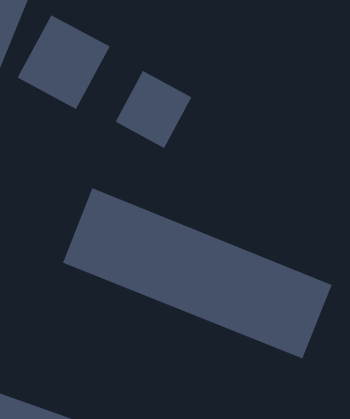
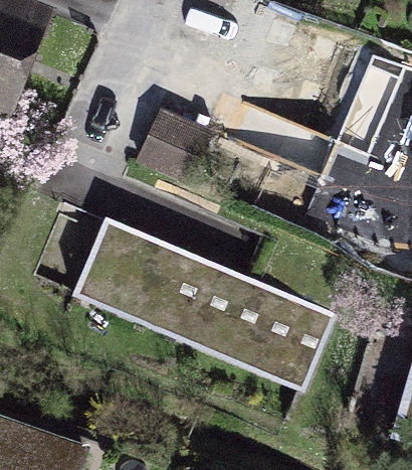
building: [17,14,110,110] -> none

